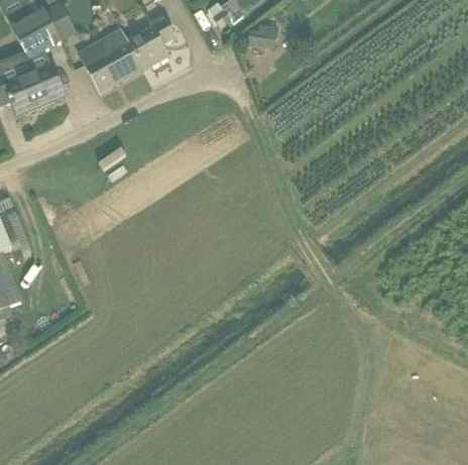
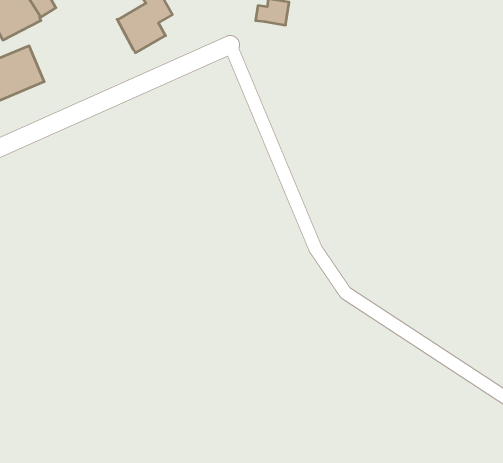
building: [85,27,141,89] -> none

